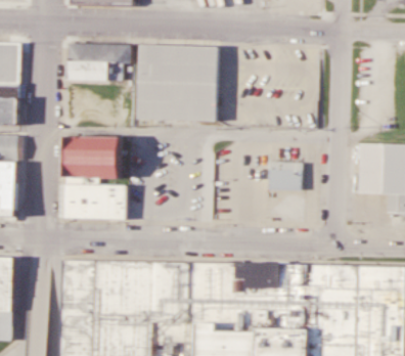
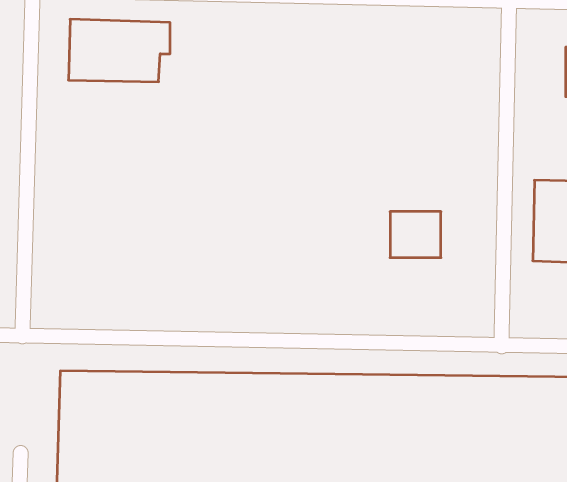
building: [139,44,217,120] -> none
building: [64,134,119,177] -> none
building: [63,183,127,219] -> none

